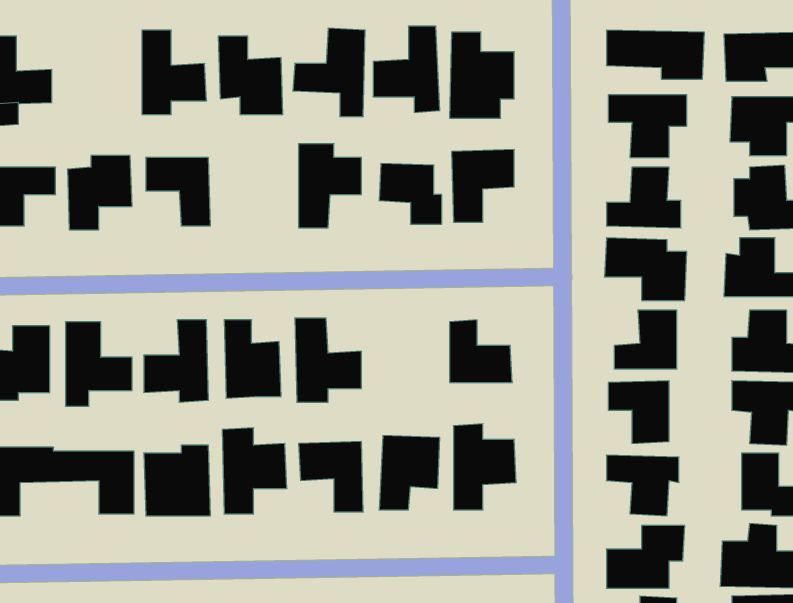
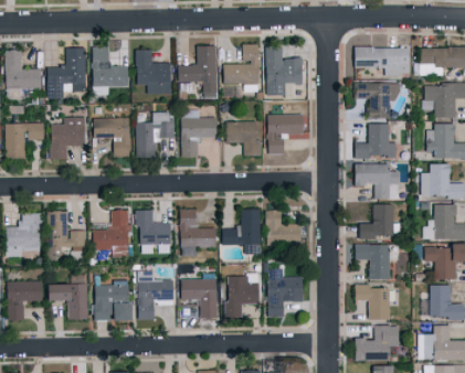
building: none -> [49,47,86,99]
building: none -> [137,111,177,152]
building: none -> [222,209,261,254]

